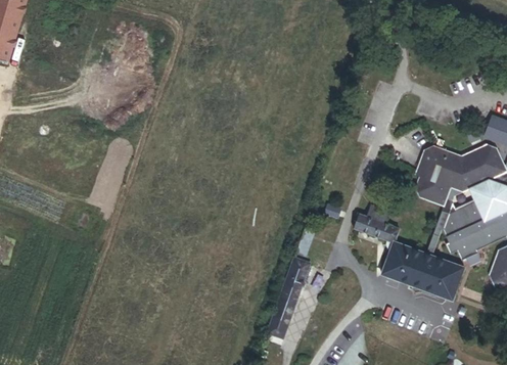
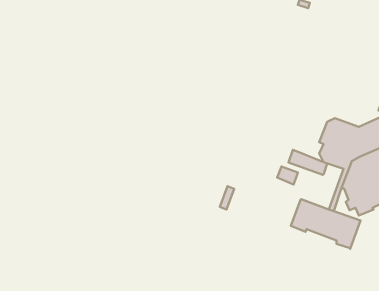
building: [353,213,399,242] -> [289,150,327,175]
building: [267,257,311,339] -> none

